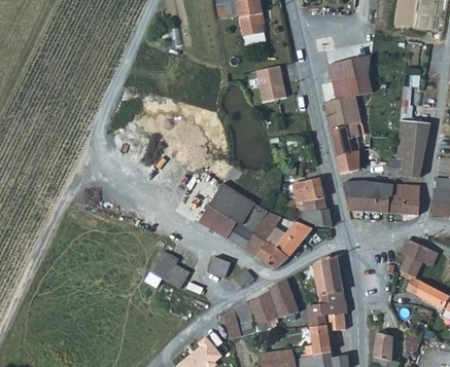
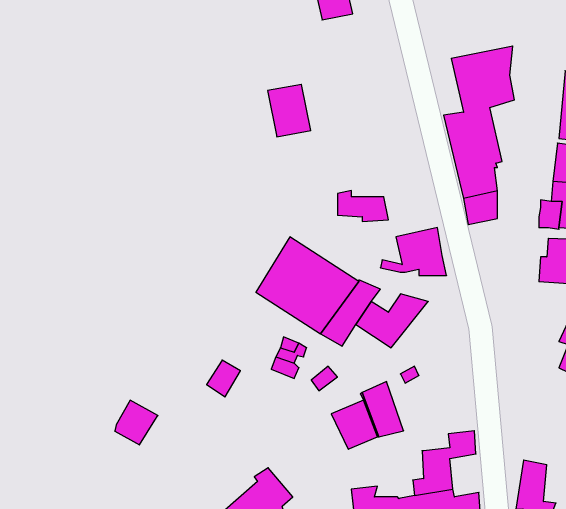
building: [257,66,286,101] -> [268,84,311,137]
building: [342,180,393,213] -> none
building: [298,205,332,225] -> [338,191,388,221]
building: [255,242,288,268] -> none
building: [148,252,177,282] -> [115,400,158,445]
building: [308,256,347,326] -> none
building: [221,299,254,336] -> none

